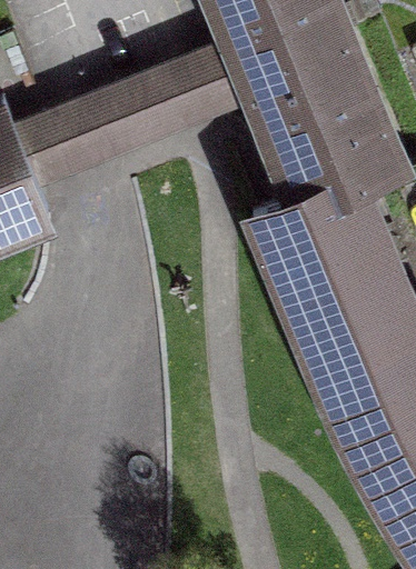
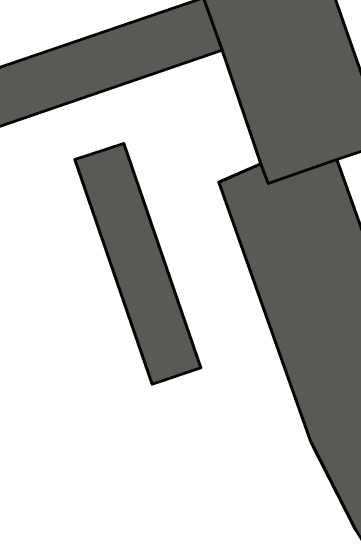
building: none -> [75,143,201,384]

